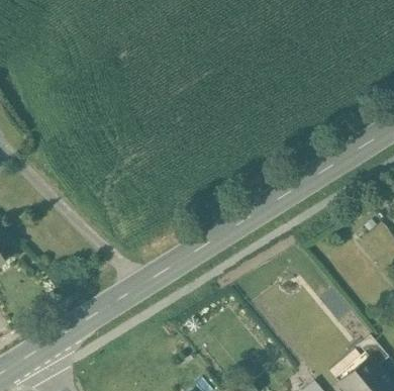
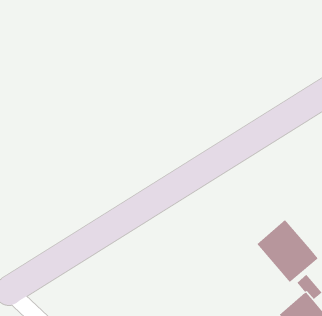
building: none -> [256,219,318,283]

